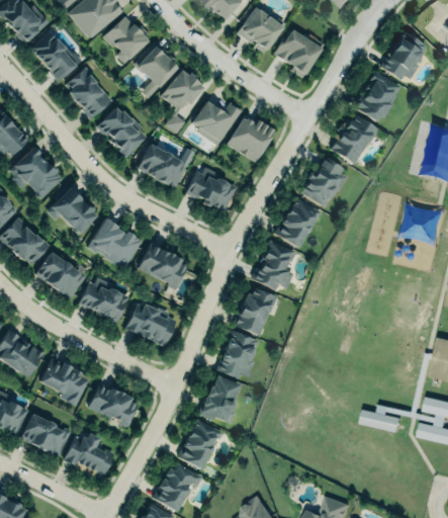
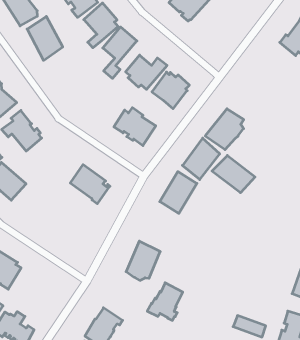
building: [274,30,322,78] -> none
building: [356,72,401,120] -> none
building: [97,107,147,157] -> none
building: [331,116,379,164] -> none
building: [138,145,188,188] -> none
building: none -> [212,155,255,193]
building: [88,218,144,266] -> none
building: [79,277,130,323] -> none
building: [235,287,277,335] -> none
building: [126,304,177,346] -> none
building: [199,376,241,422] -> [147,283,183,320]
building: [89,383,139,426] -> none

